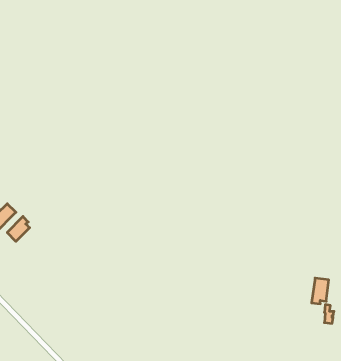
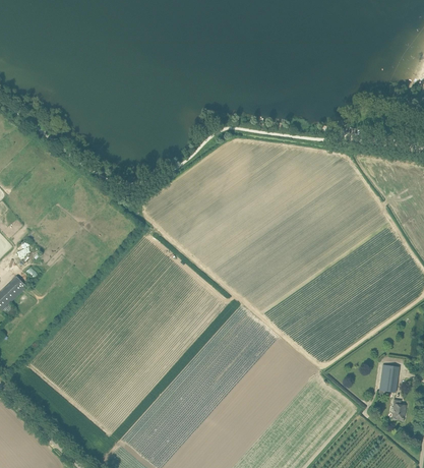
building: [7,216,30,241] -> none

